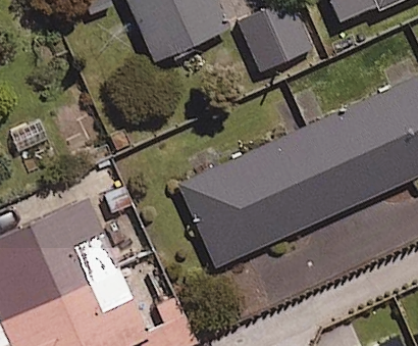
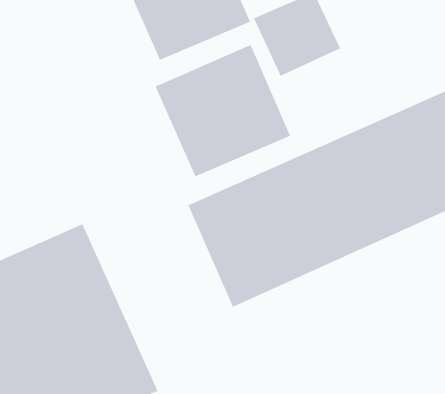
building: none -> [155,44,291,177]

